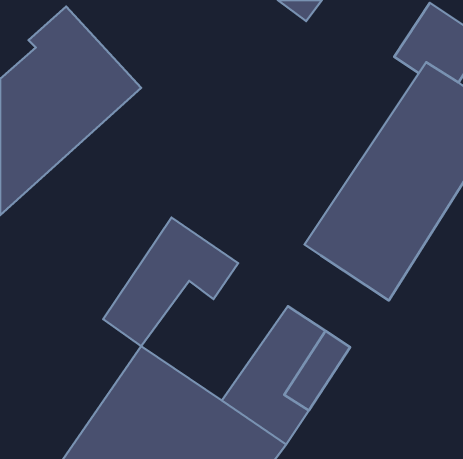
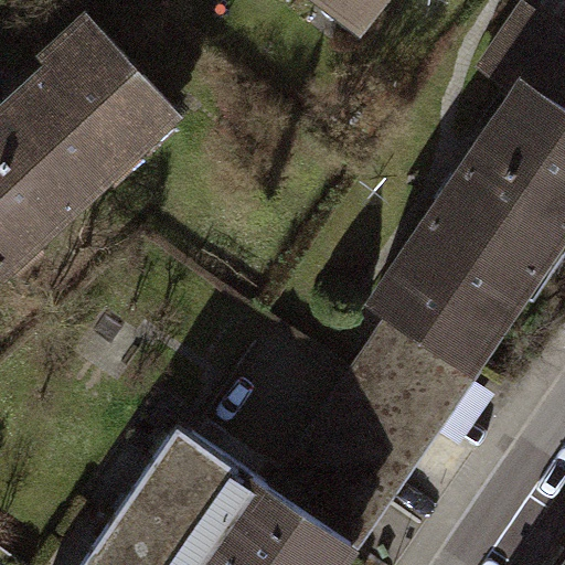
building: [103,217,238,346] -> none
building: none -> [353,319,475,434]

